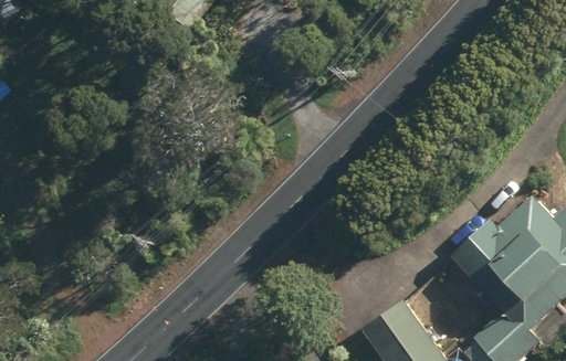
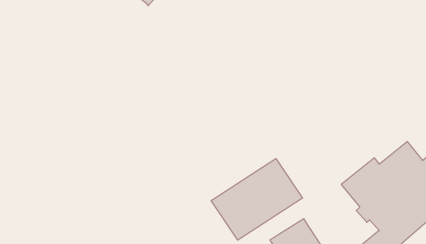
building: none -> [211,158,303,240]

